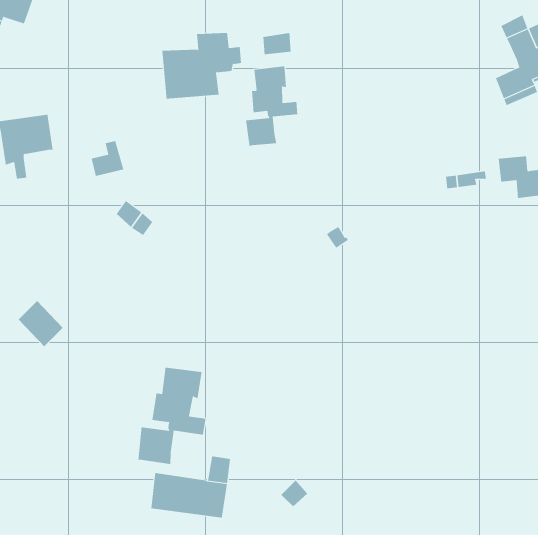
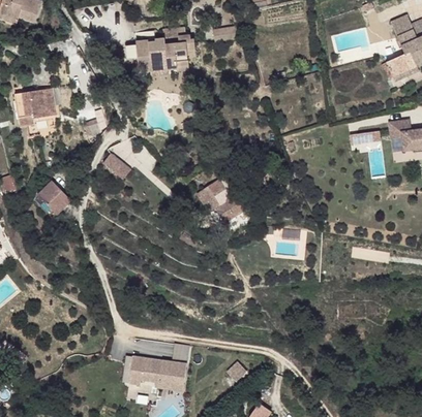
building: [246,66,298,147] -> none
building: none -> [198,179,246,222]
building: [18,300,63,347] -> [38,180,72,215]
building: [138,367,206,465] -> none

